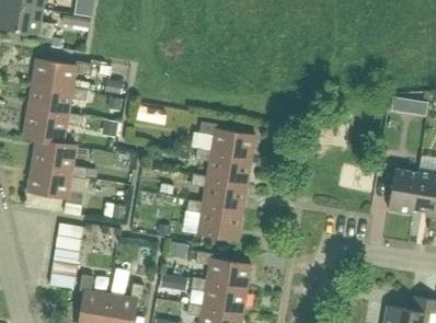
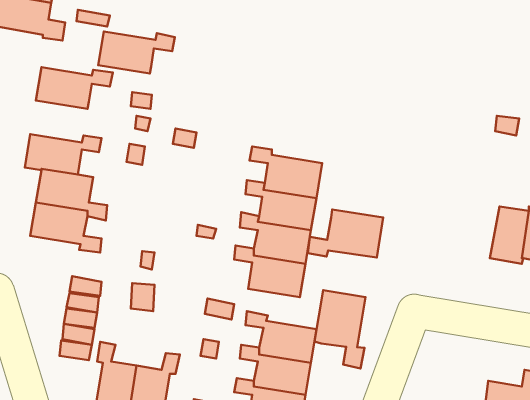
building: [26,85,87,118] -> [98,32,175,73]
building: none -> [308,209,383,258]
building: none -> [315,290,365,368]

